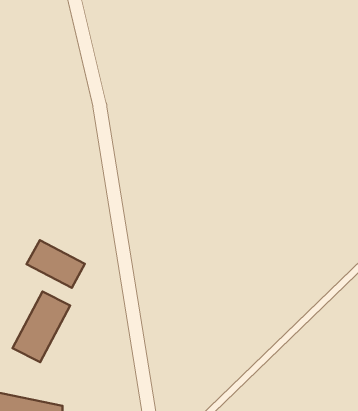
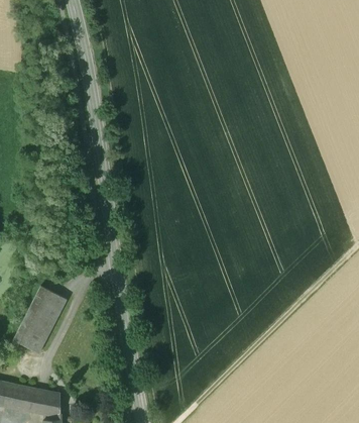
building: [27,240,85,288] -> none

